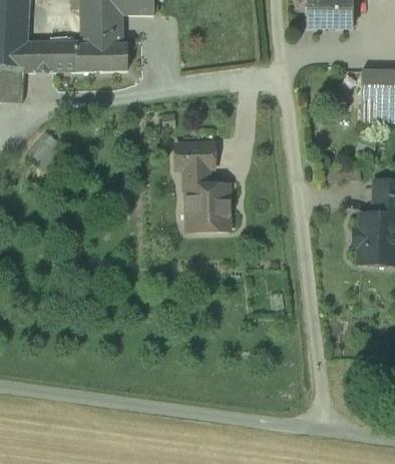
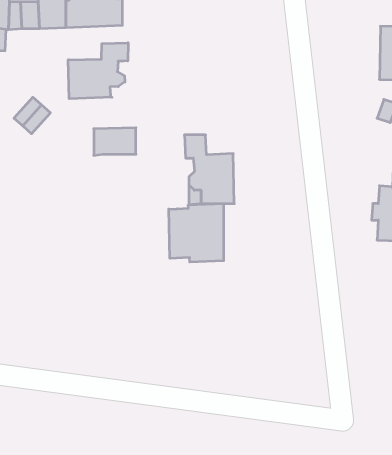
building: none -> [68,43,128,99]
building: [176,144,215,169] -> [94,128,136,155]
building: none -> [169,204,224,262]

